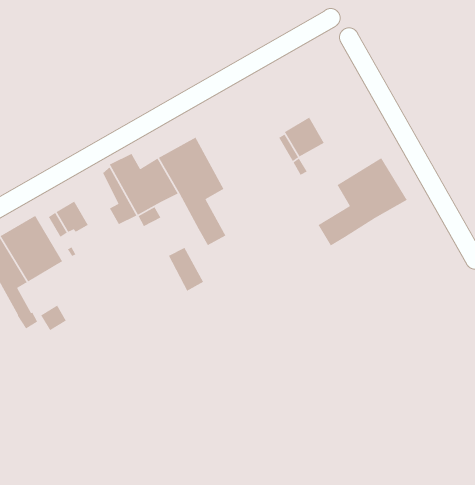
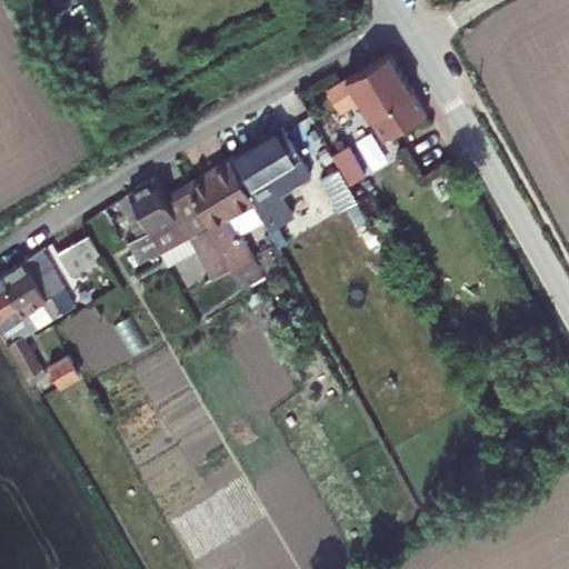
building: none -> [326,56,443,159]
building: none -> [228,130,311,231]
building: [317,157,408,246] -> none
building: [168,247,204,292] -> [188,229,230,281]

